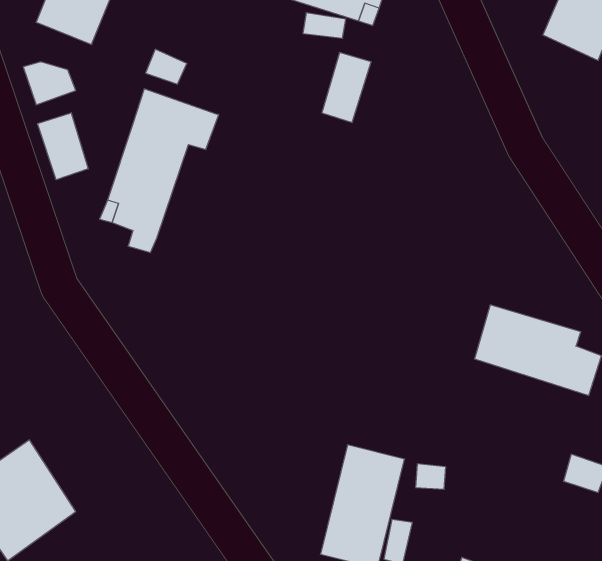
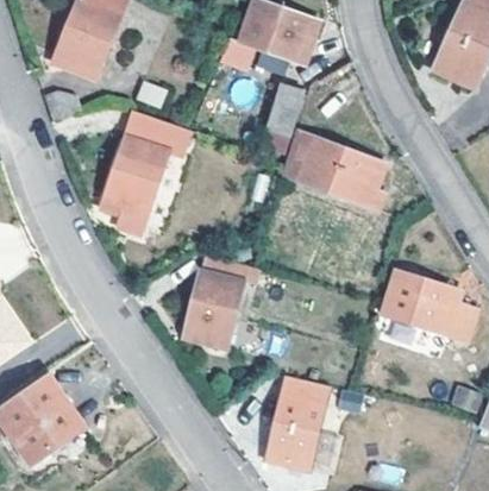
building: [37,113,88,180] -> none
building: none -> [282,131,383,214]
building: none -> [182,254,259,348]

